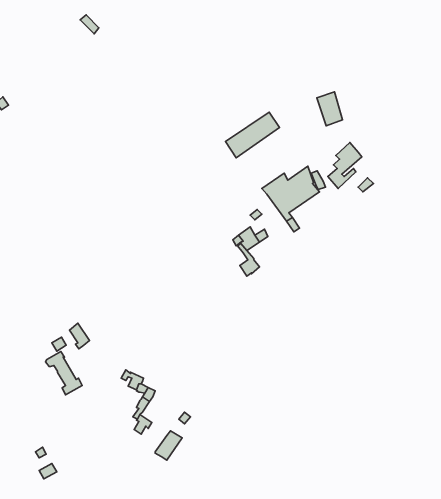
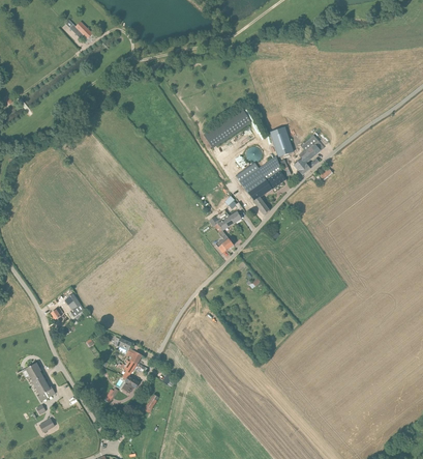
building: [317,92,343,126] -> [271,127,294,157]
building: [46,351,82,395] -> [22,363,54,401]

